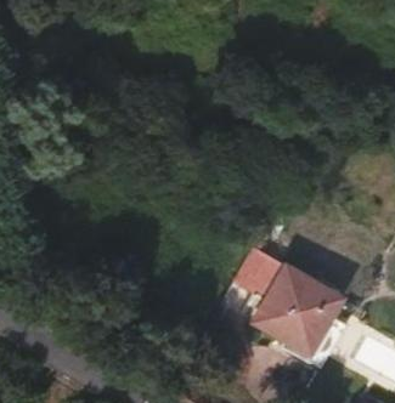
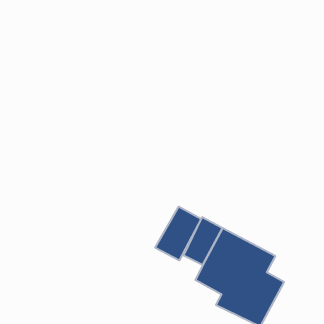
building: none -> [155,207,201,260]

